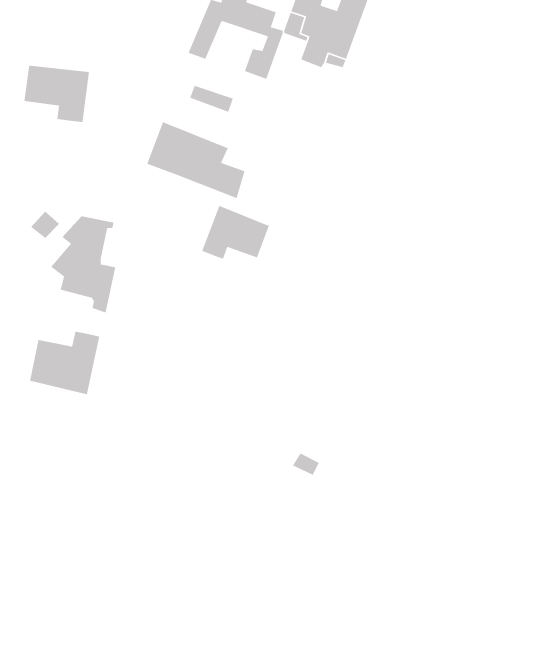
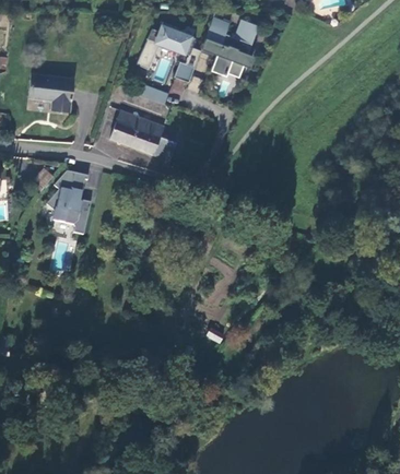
building: [201,205,270,260] -> none
building: [29,331,100,395] -> none

